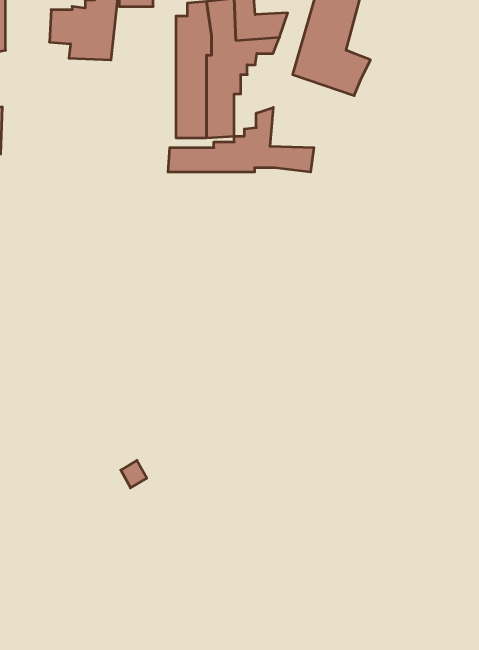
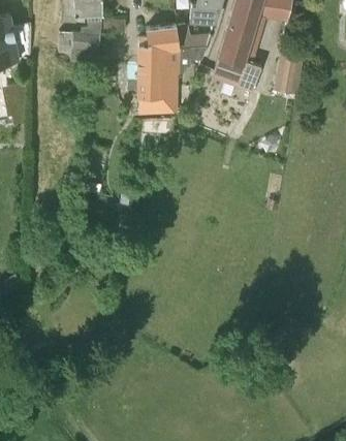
building: none -> [274,48,304,93]
building: [168,107,314,172] -> none

